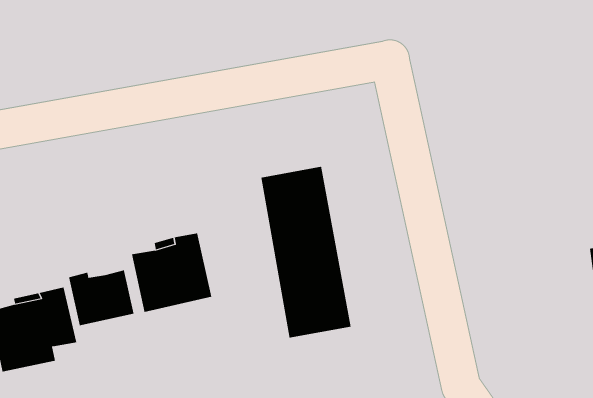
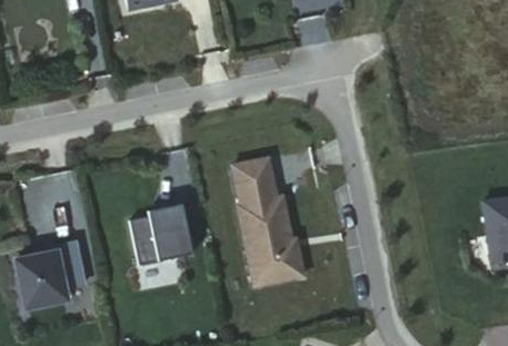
building: [68,269,134,326] -> none

